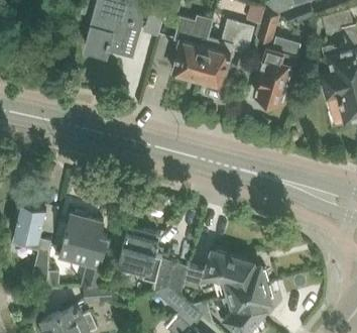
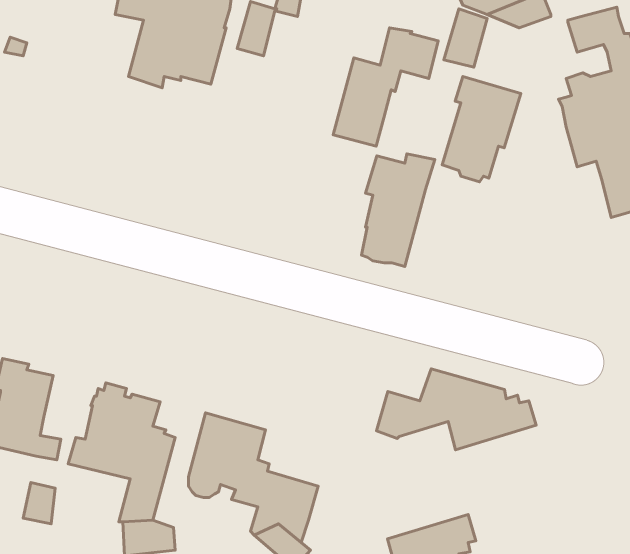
building: [172,18,212,79] -> [362,154,435,267]
building: [183,252,268,296] -> [377,369,536,450]

